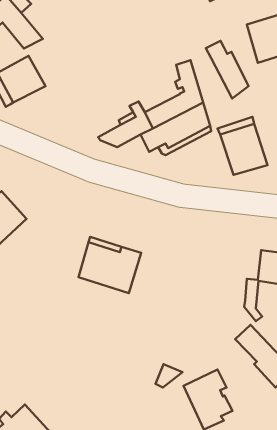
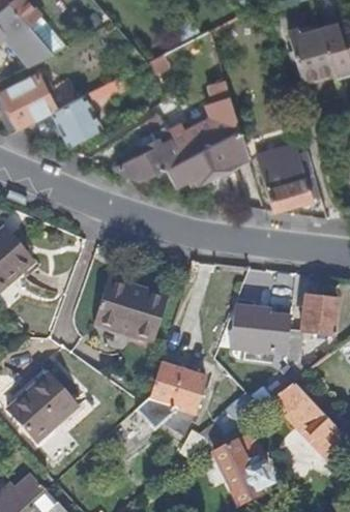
building: [206,41,248,99] -> none
building: none -> [50,82,111,147]
building: none -> [230,308,290,354]
building: none -> [137,362,206,434]
building: none -> [8,370,80,444]

